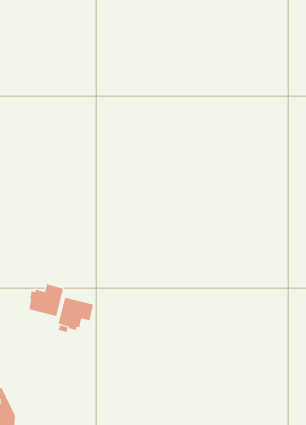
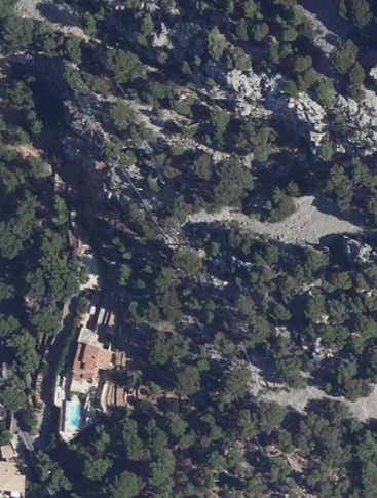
building: [29,284,64,317] -> none

